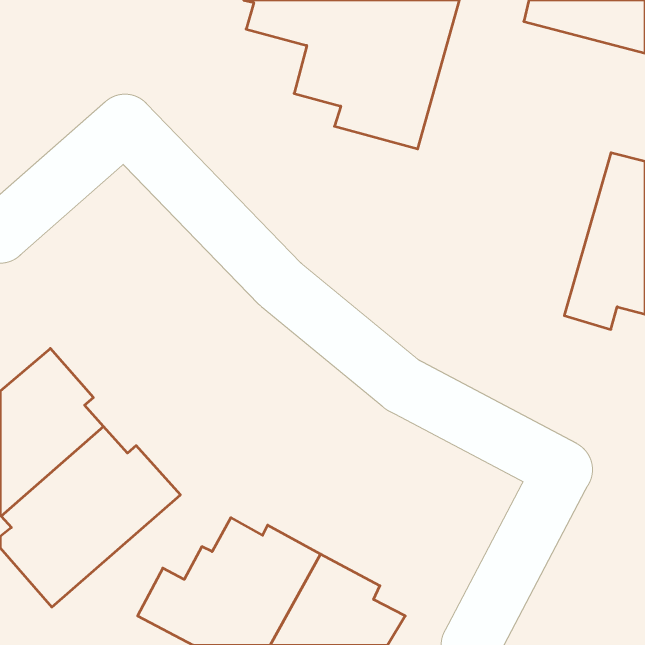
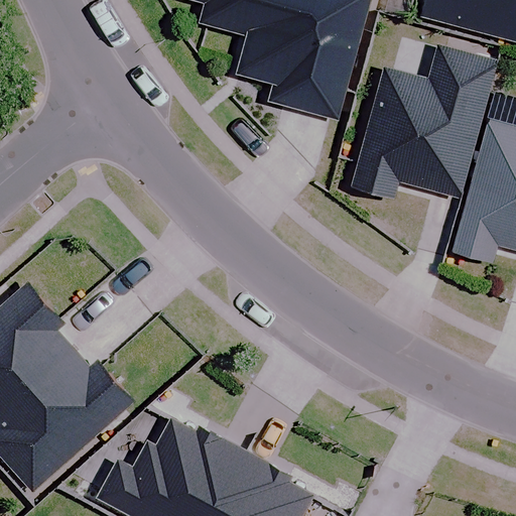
building: none -> [350,47,493,200]

